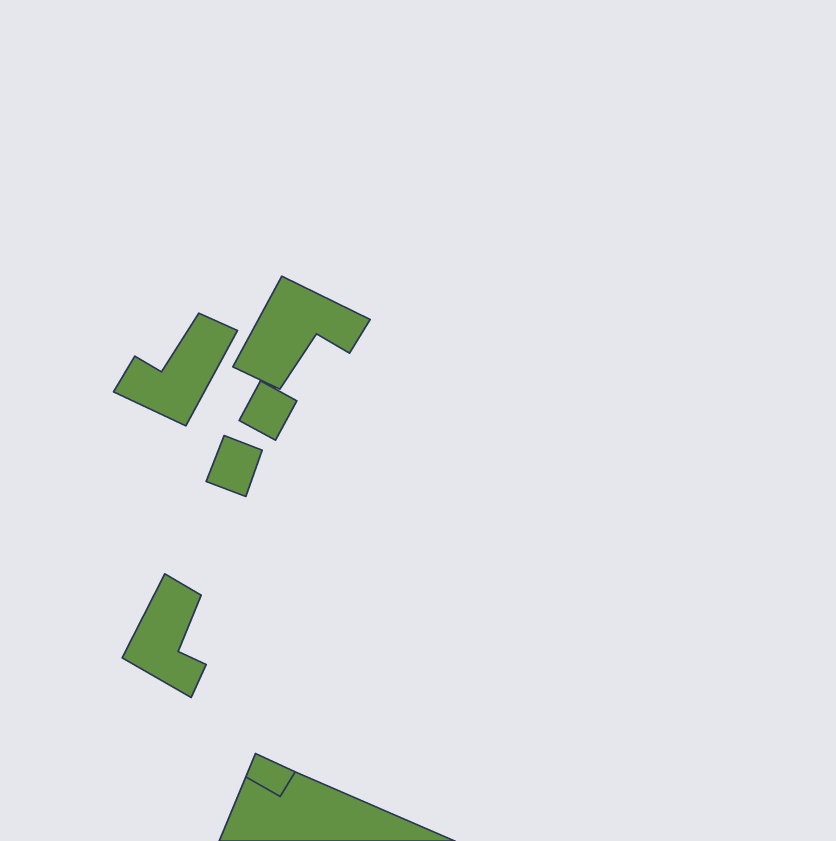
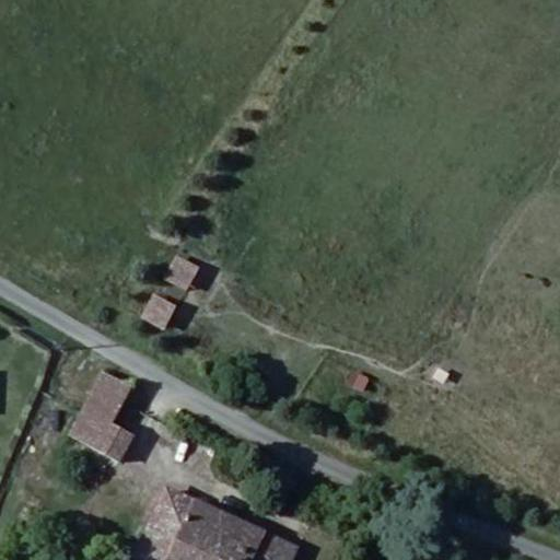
building: [233,276,370,389] -> none
building: [113,313,237,426] -> none

